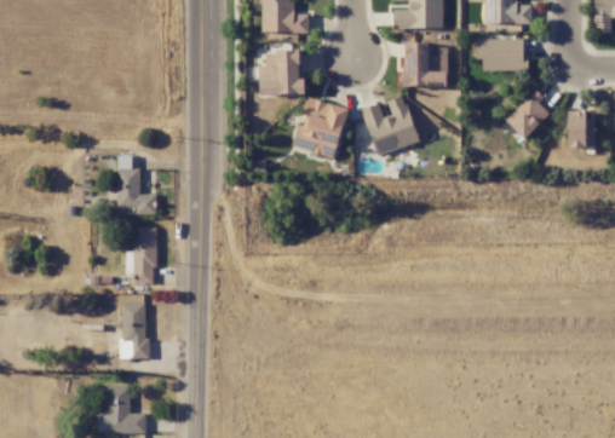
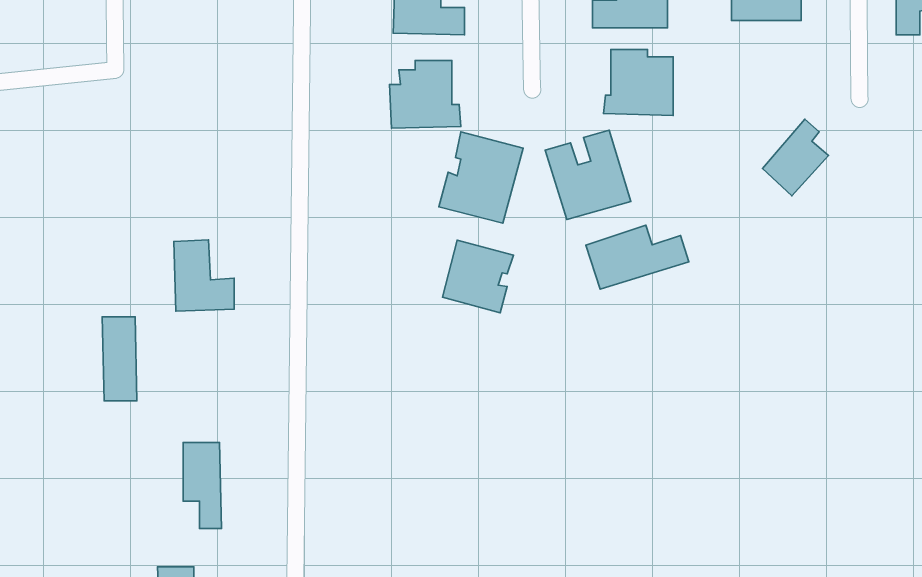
building: [476,39,525,70] -> none
building: [568,110,596,148] -> none
building: none -> [586,225,689,289]
building: none -> [442,240,513,313]
building: [133,227,156,283] -> [102,317,137,401]

